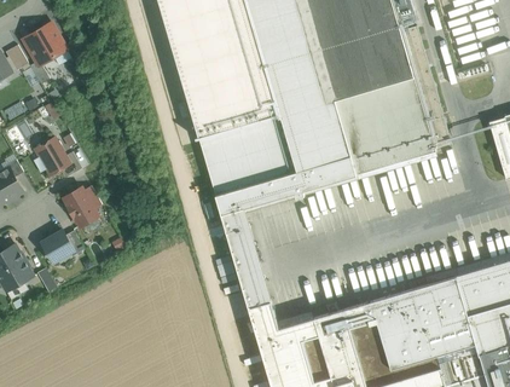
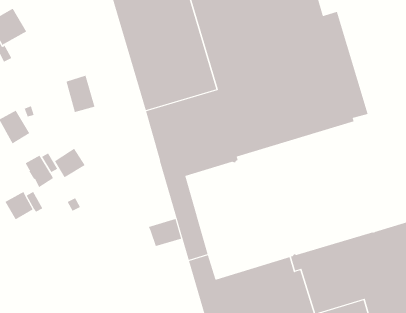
building: none -> [66,75,95,113]
building: none -> [54,148,85,178]
building: none -> [148,218,182,247]

